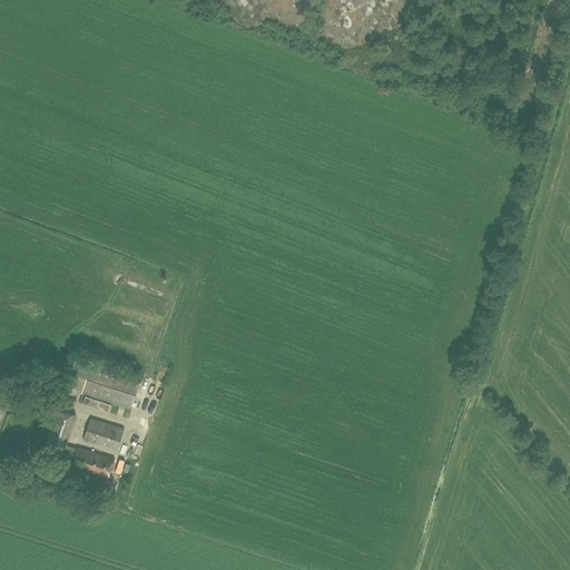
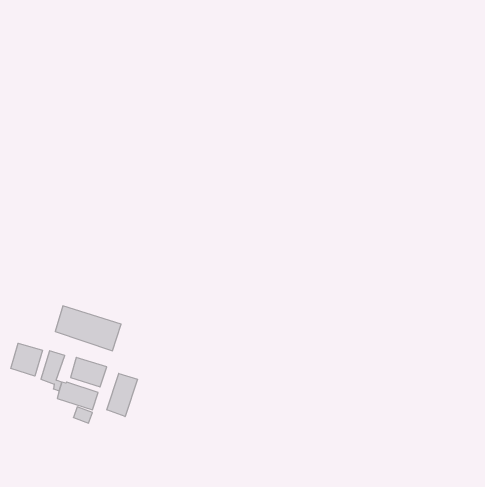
building: none -> [11,343,42,376]
building: none -> [107,373,138,417]

